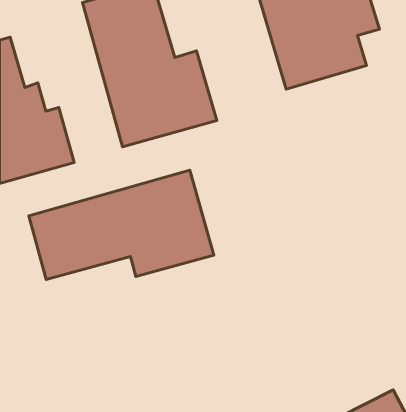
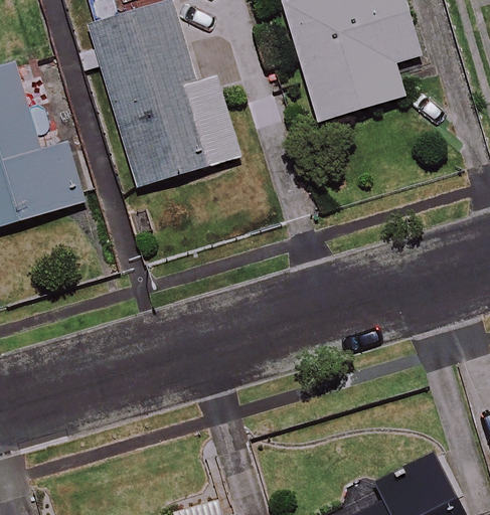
building: [29,170,214,280] -> none

